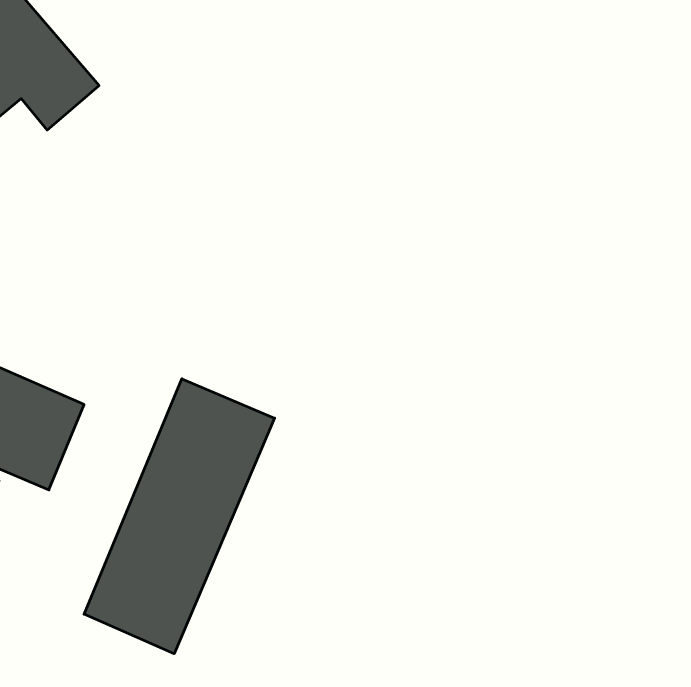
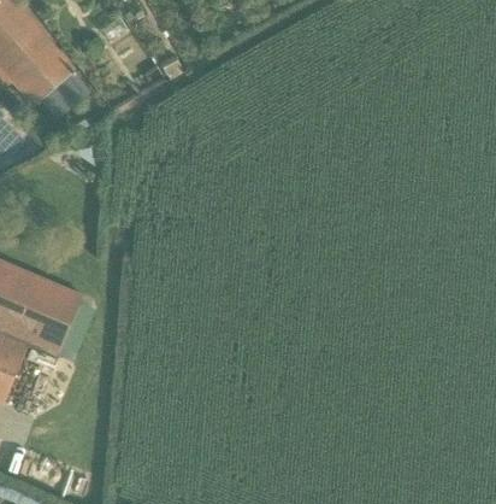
building: [84,379,275,654] -> none

